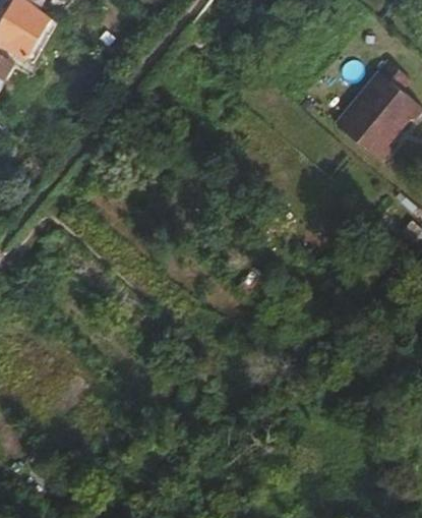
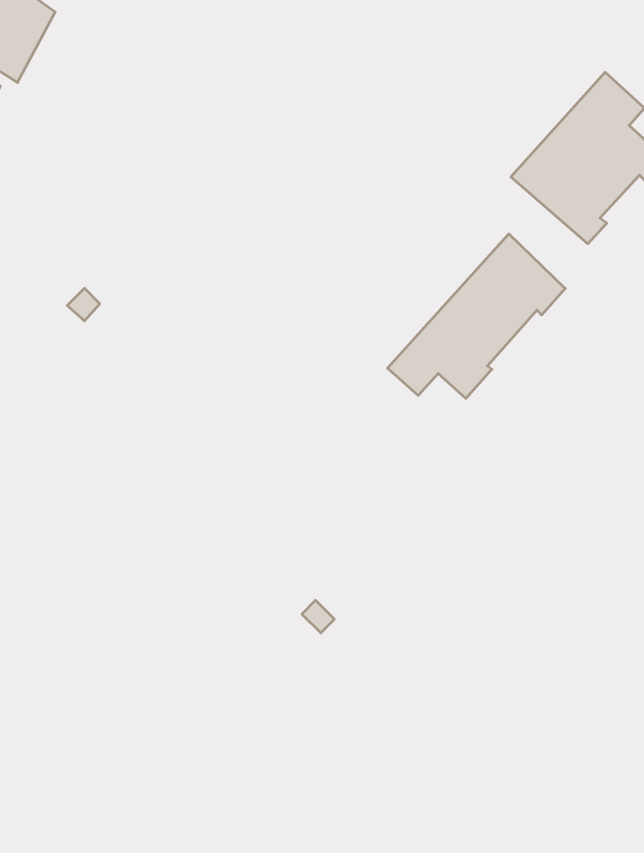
building: none -> [388,234,565,398]

